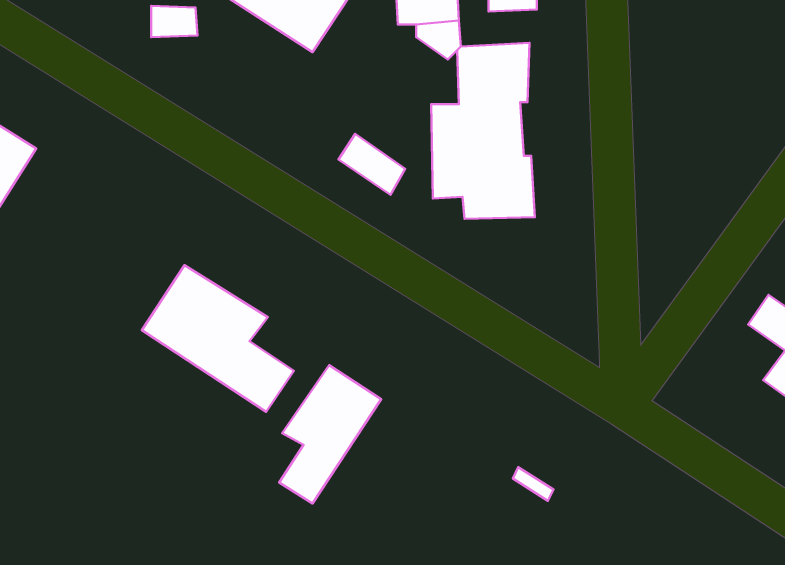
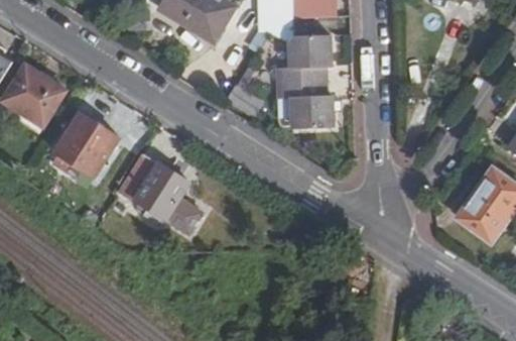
building: none -> [57,113,119,177]
building: [279,365,381,504] -> none

